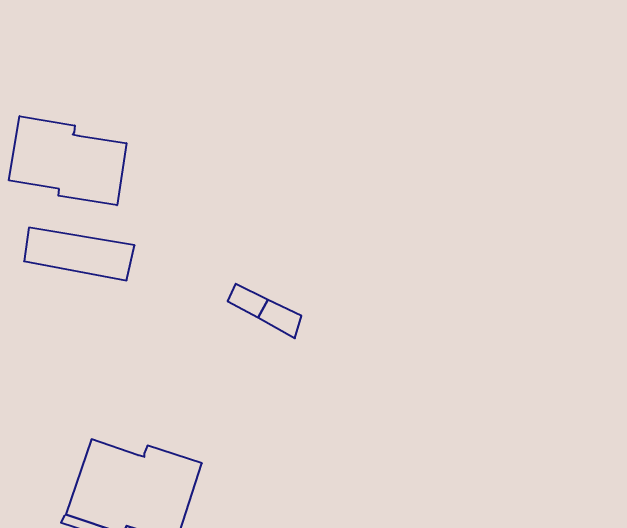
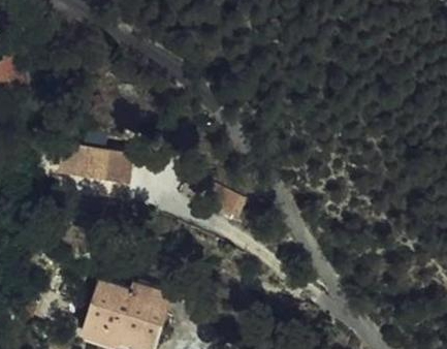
building: [9,116,126,205] -> none

